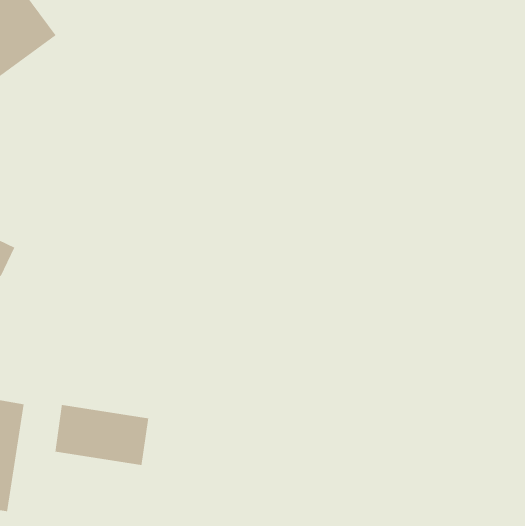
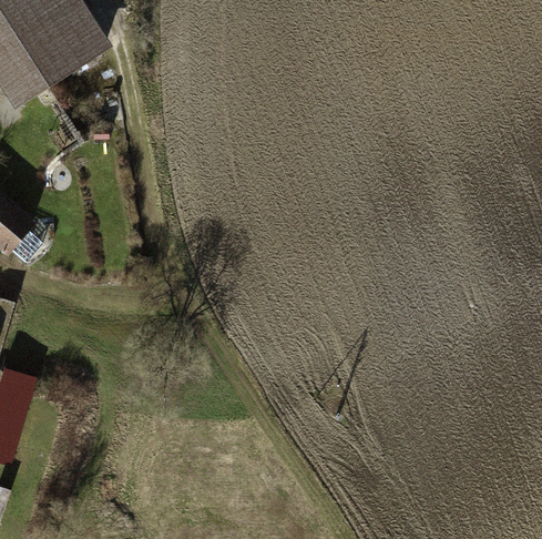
building: [55,404,149,466] -> none

